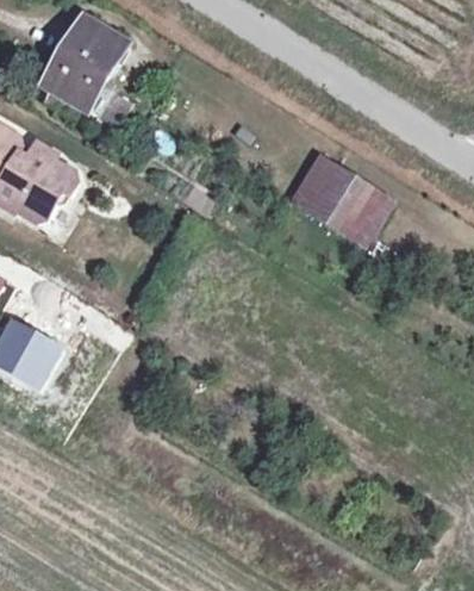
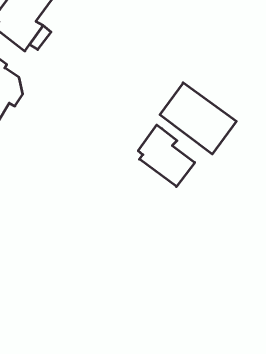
building: none -> [138,125,195,187]

